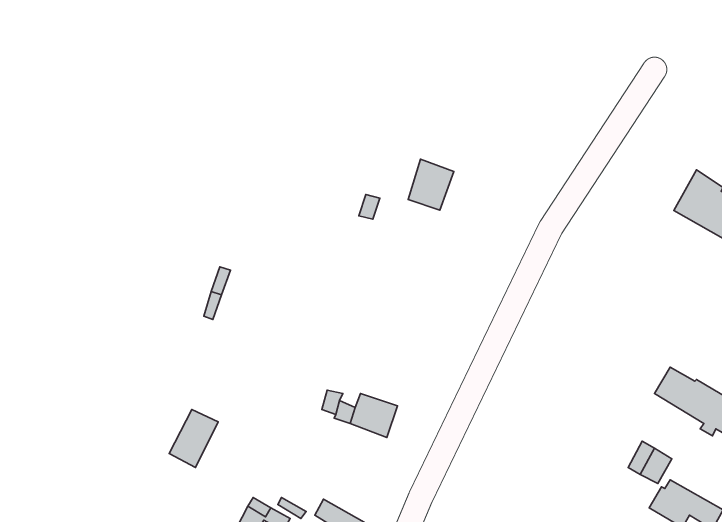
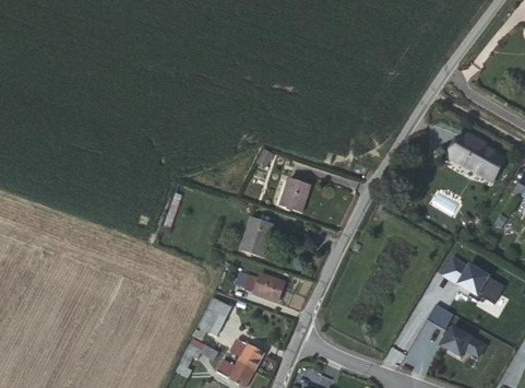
building: [408,159,454,210] -> [282,178,310,210]
building: none -> [241,217,272,255]
building: [169,409,218,468] -> [200,298,230,334]

